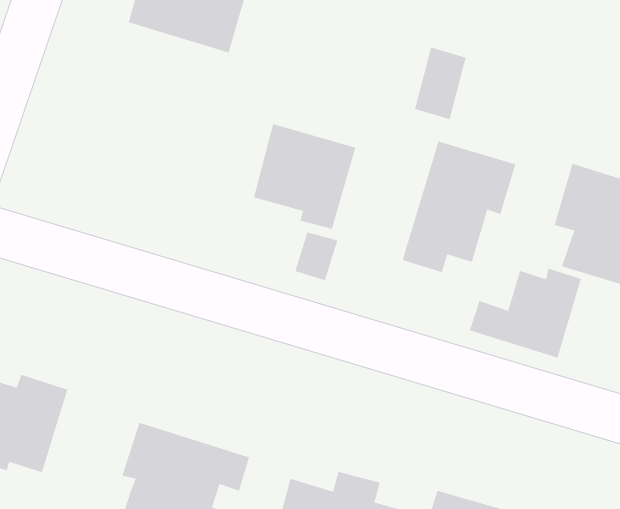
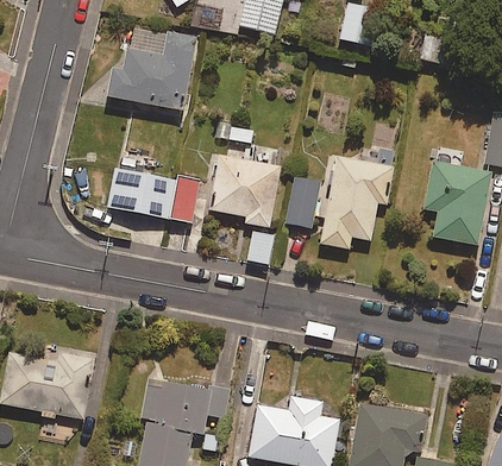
building: [414,47,467,120] -> [285,177,319,227]
building: none -> [108,169,199,221]
building: [469,268,581,359] -> none

